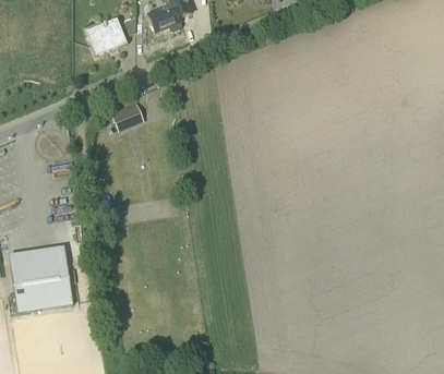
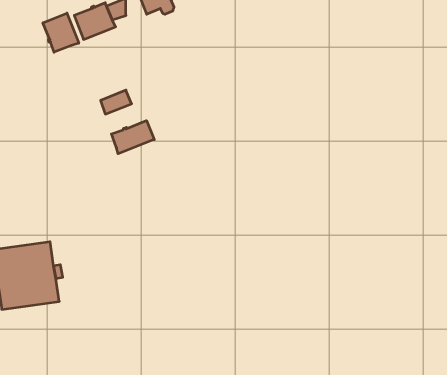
building: none -> [43,13,79,52]
building: none -> [111,121,154,154]

